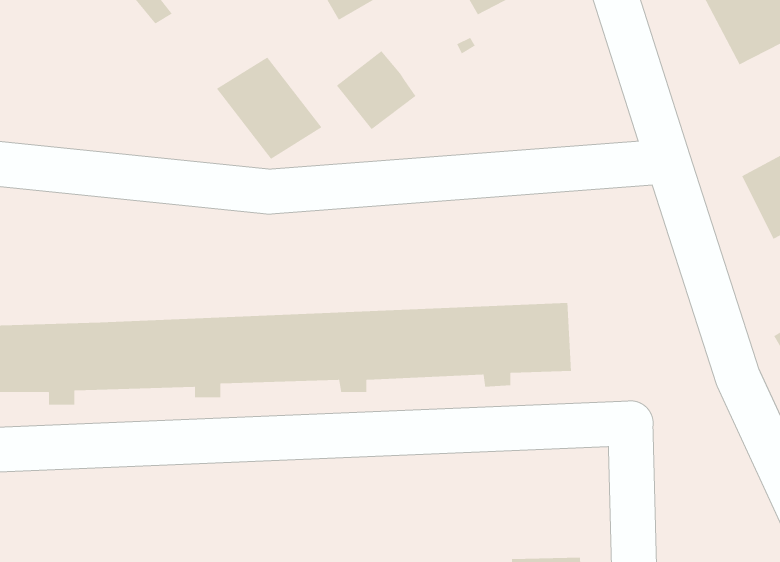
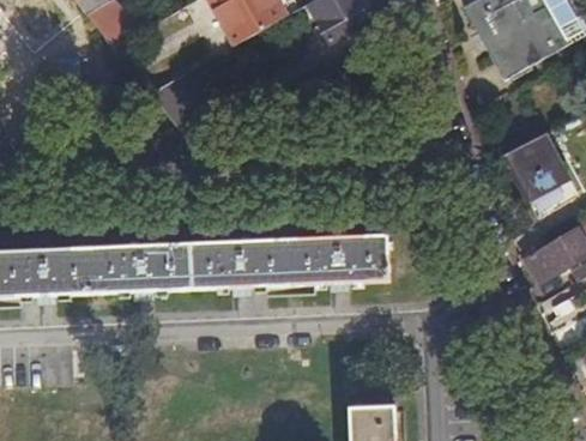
building: [336,50,416,130] -> none

